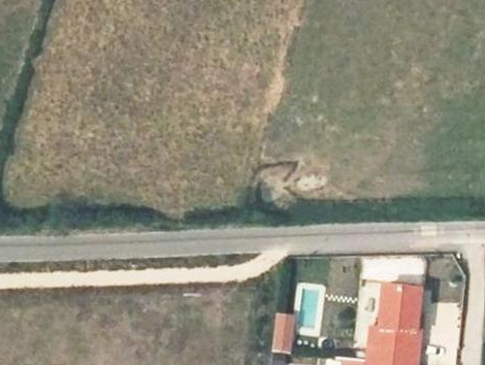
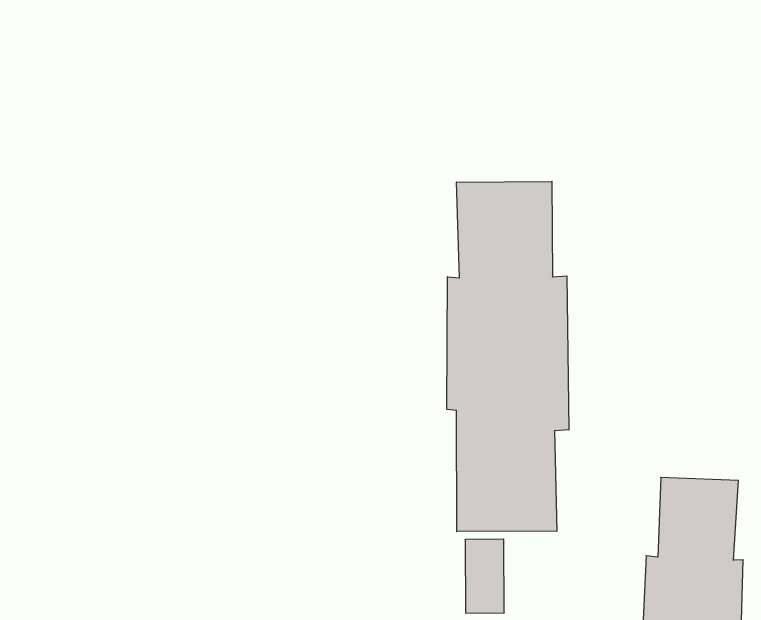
building: none -> [447,181,569,532]

